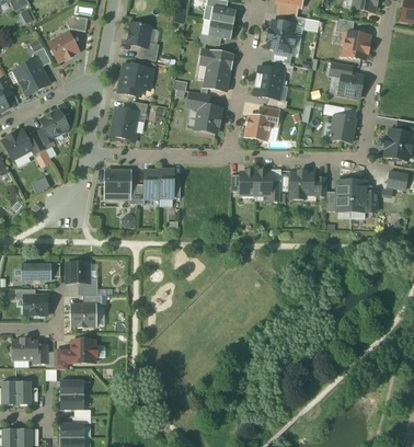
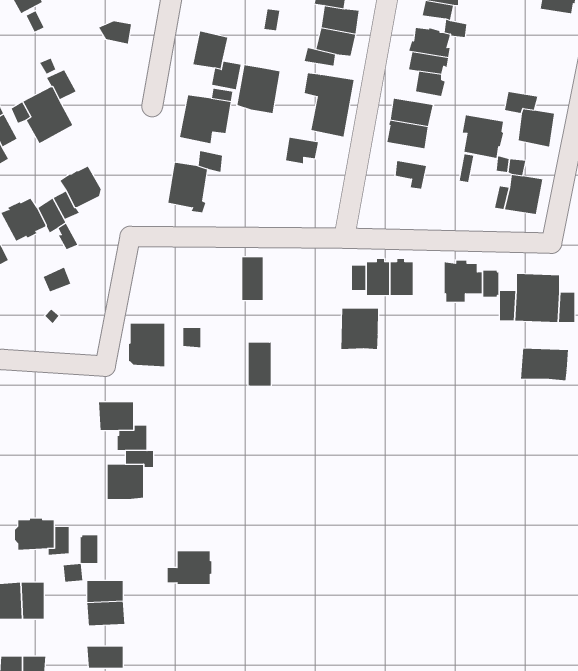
building: [342,31,369,59] -> [462,115,504,159]
building: [49,32,78,60] -> none
building: none -> [237,64,280,114]
building: [195,104,221,133] -> none
building: [245,115,269,140] -> none
building: [143,169,159,198] -> [248,341,271,386]
building: [105,171,129,199] -> [128,323,165,367]
building: none -> [341,308,379,350]
building: none -> [520,348,568,381]
building: [21,263,51,280] -> none
building: [24,295,47,314] -> none
building: [66,340,95,362] -> [167,551,212,584]

